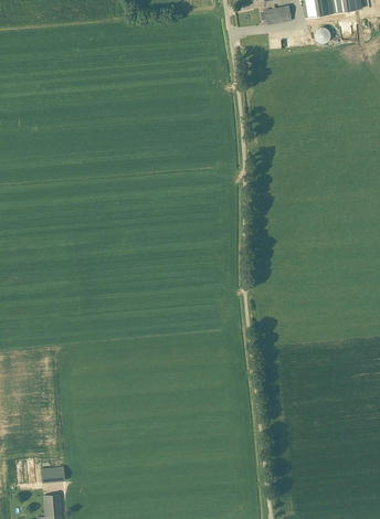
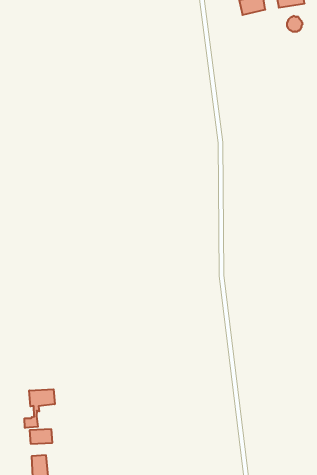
building: none -> [25,389,55,428]

